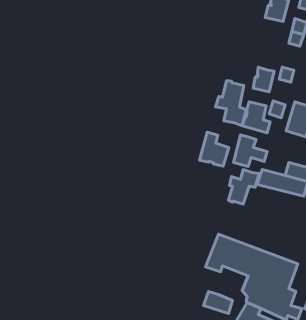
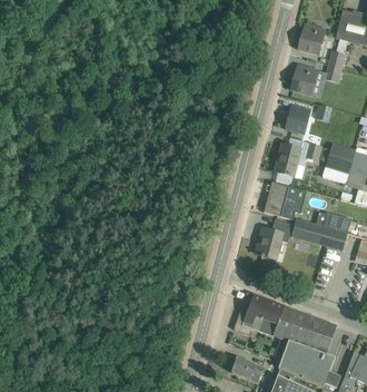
building: none -> [294,65,319,95]
building: [216,81,246,126] -> none
building: [200,132,229,166] -> none

